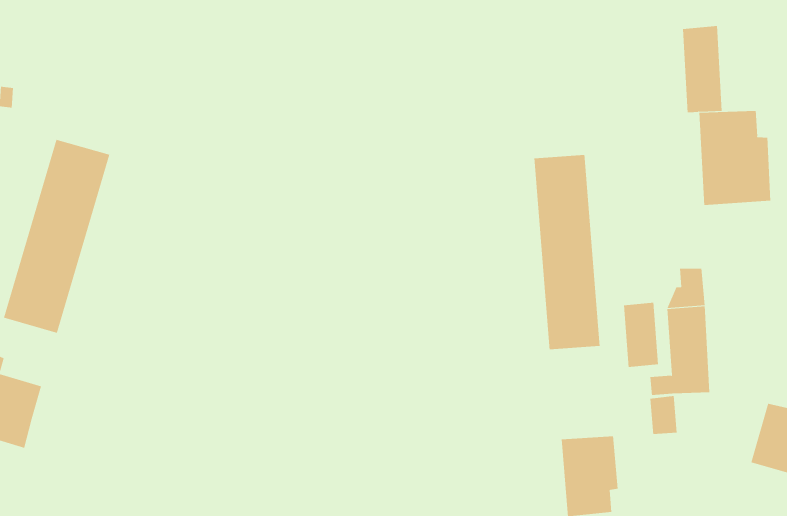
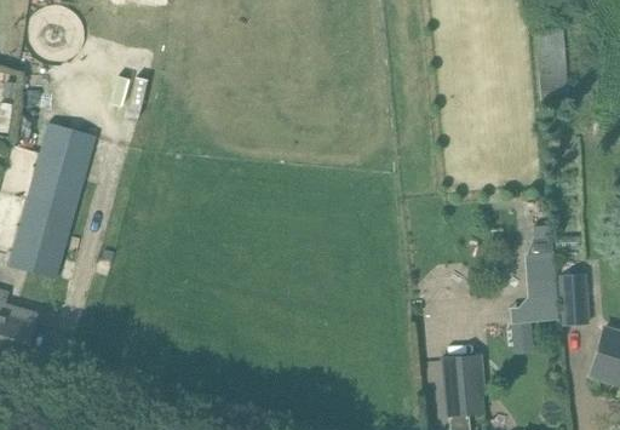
building: [699,110,771,206] -> none
building: [534,154,600,350] -> none
building: [623,302,659,367] -> [559,275,587,326]

